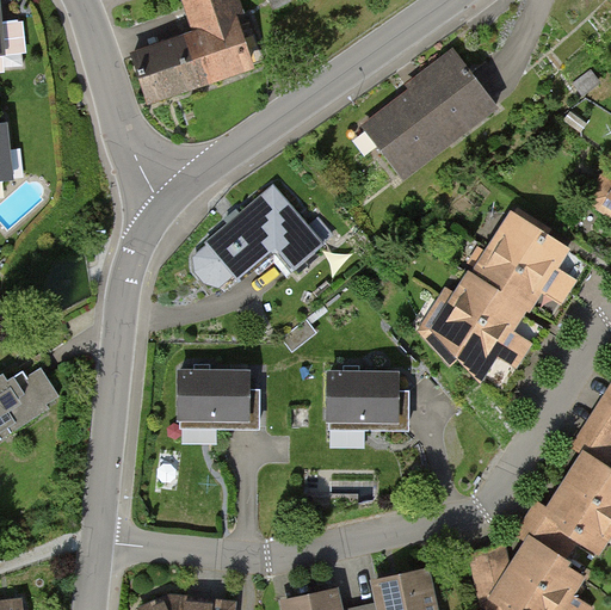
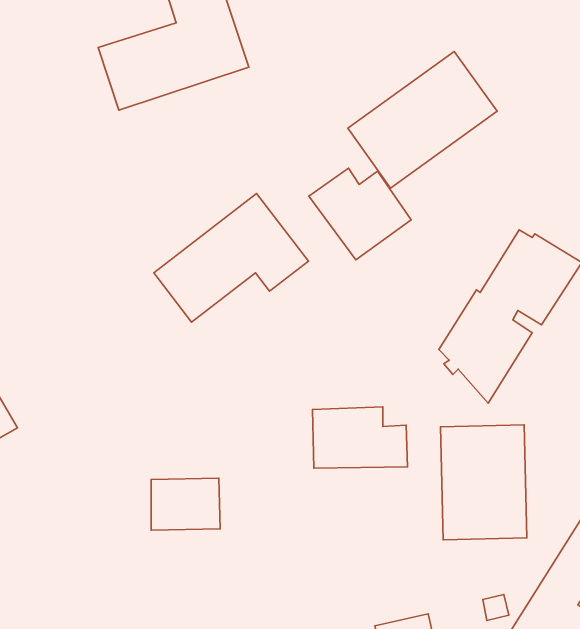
building: none -> [309,168,411,260]
building: [177,375,240,423] -> [151,478,220,530]
building: none -> [441,425,527,540]

